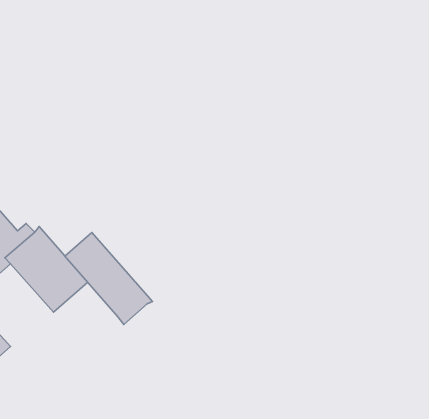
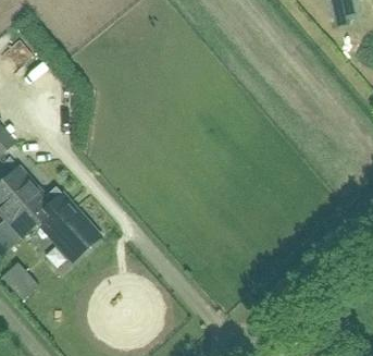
building: [65,232,152,325] -> none

